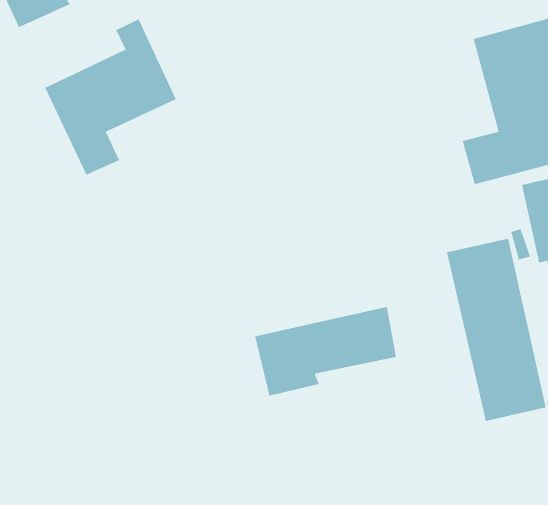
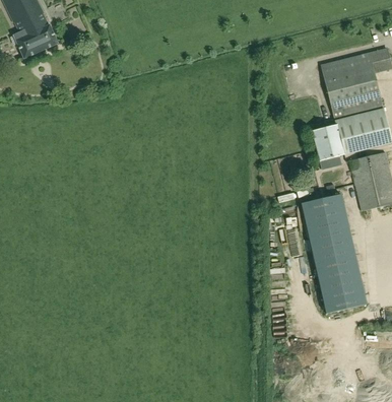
building: [44,18,177,176] -> none
building: [254,306,397,396] -> none

